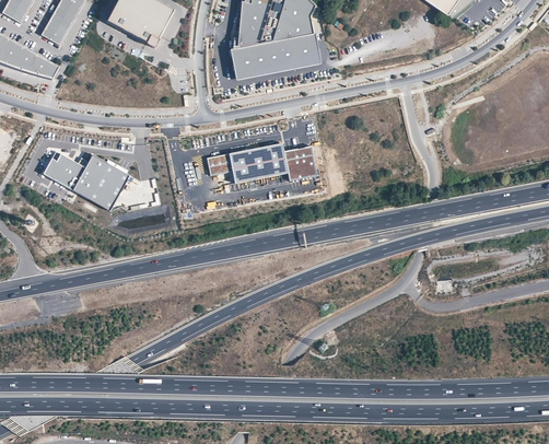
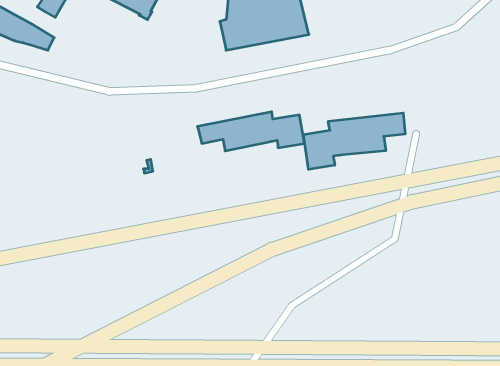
building: none -> [304,113,405,169]
building: [42,150,130,211] -> none

